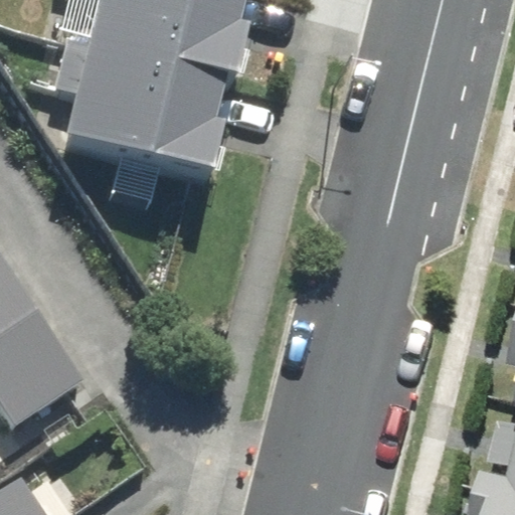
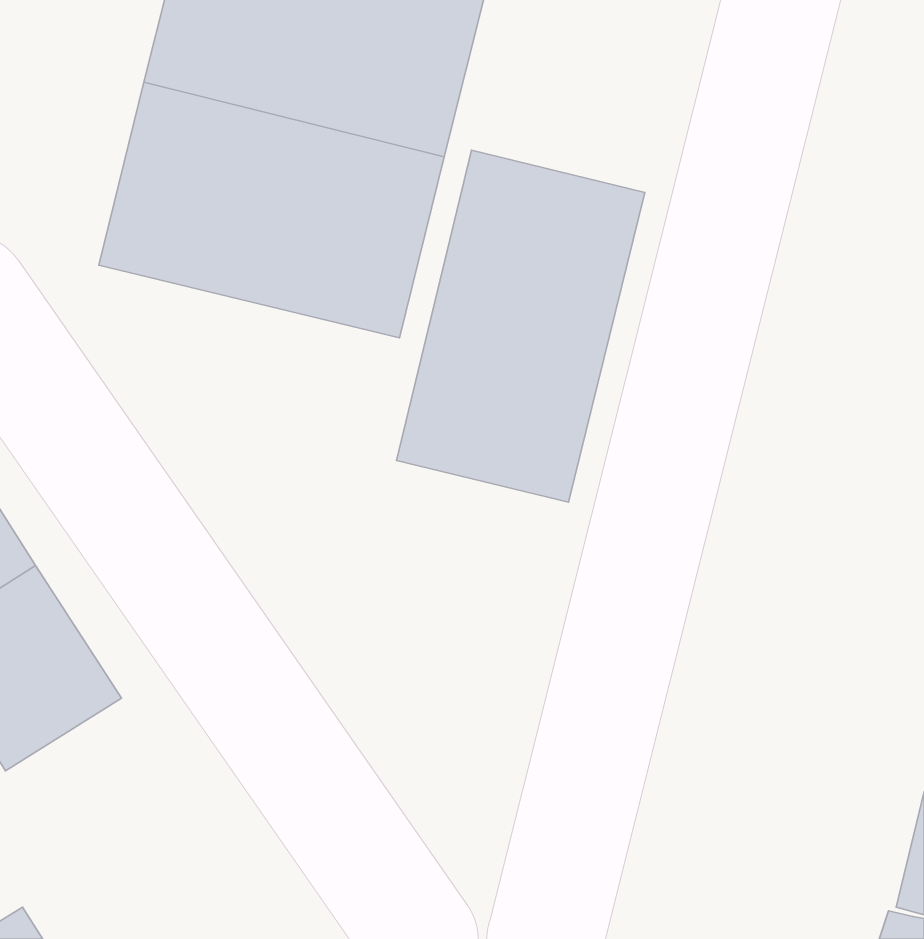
building: none -> [396,150,645,502]

